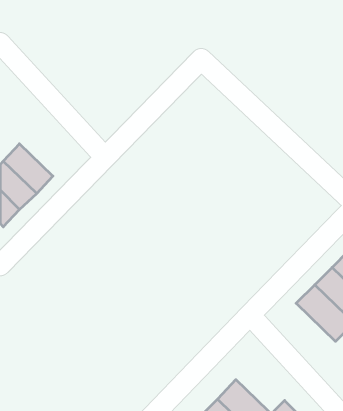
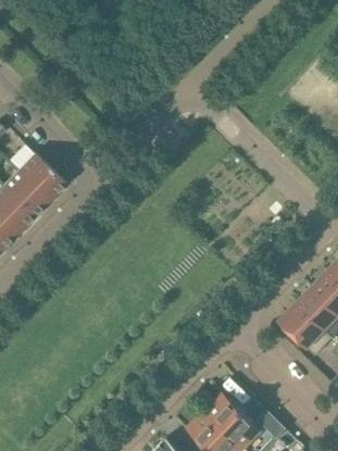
building: none -> [18,153,66,200]

